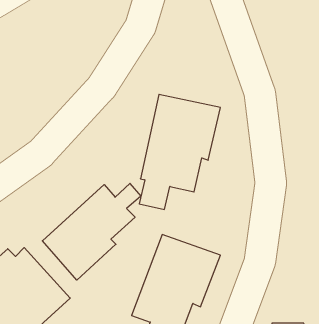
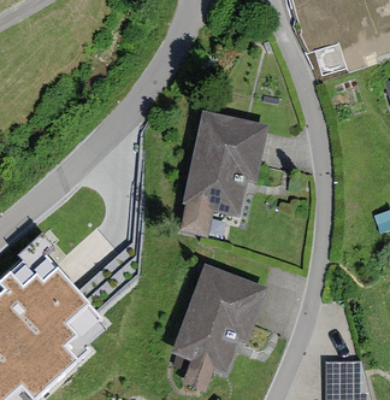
building: [42,183,141,280] -> none

